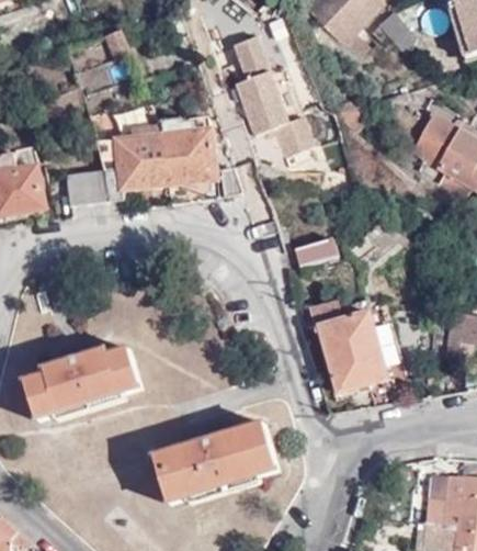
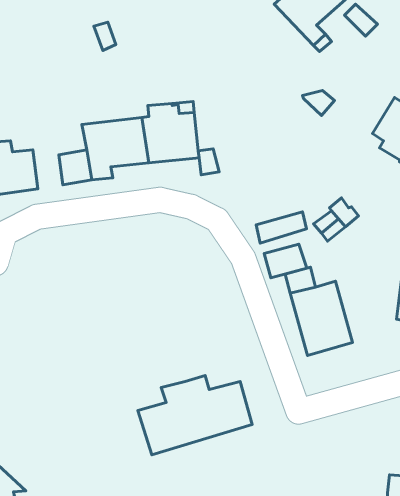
building: [232,34,314,153] -> none
building: none -> [264,244,307,278]
building: [23,342,141,421] -> none

